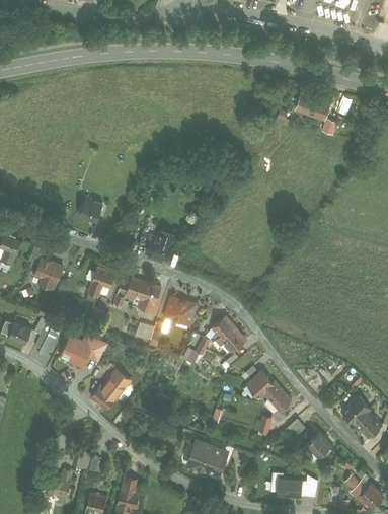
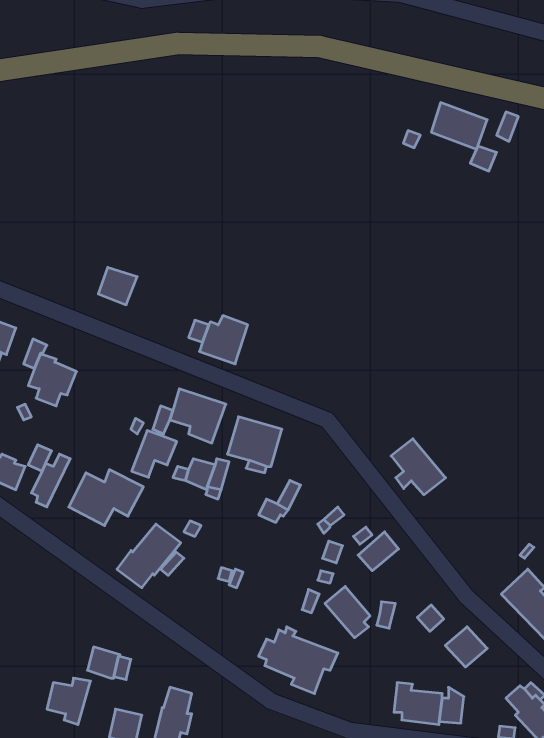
building: [86,266,115,296] -> [132,431,177,477]
building: [210,317,245,354] -> [391,439,446,495]
building: [261,381,291,415] -> [325,586,370,638]

